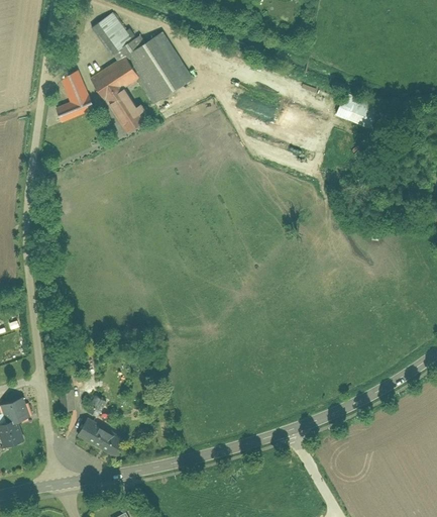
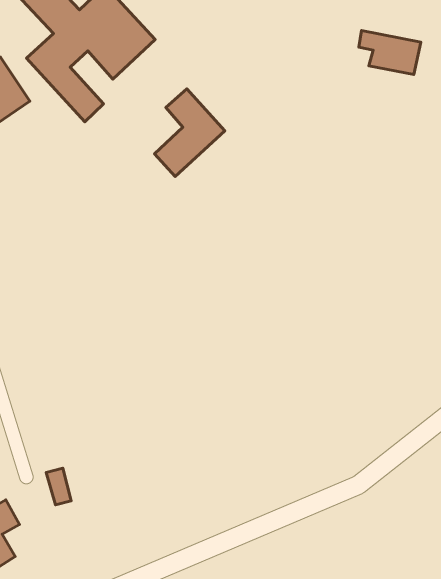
building: none -> [154,89,225,176]
building: [77,422,122,458] -> none

